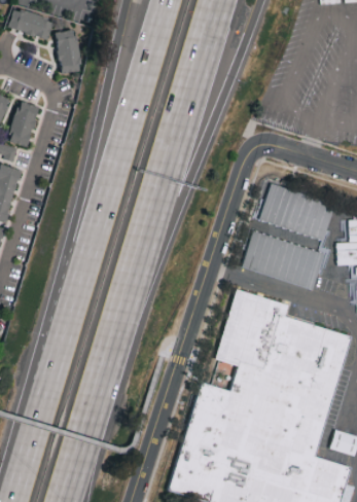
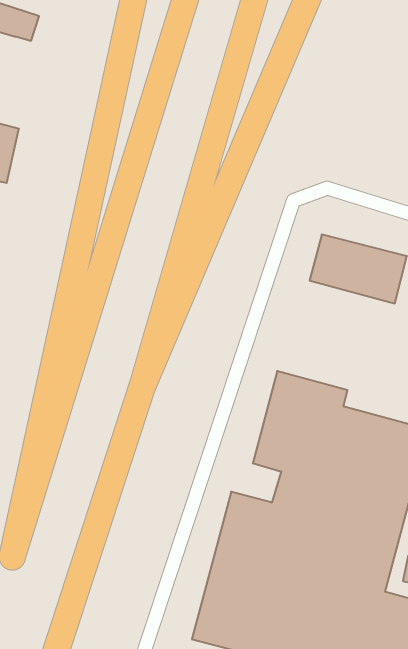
building: [57,30,79,72] -> none
building: [242,231,323,289] -> none

